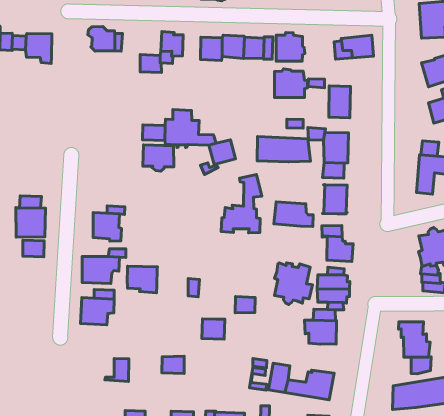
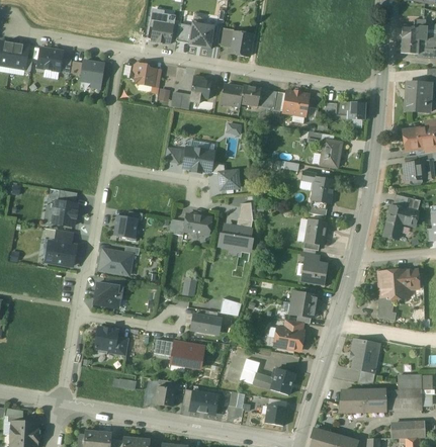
building: [275,69,308,97] -> none
building: [257,136,311,162] -> none
building: [143,145,174,171] -> [183,213,210,237]
building: [274,202,313,226] -> none
building: none -> [46,241,75,266]
building: [274,263,312,305] -> none
building: [127,266,157,293] -> none
building: none -> [94,327,117,353]
building: none -> [171,342,203,367]

